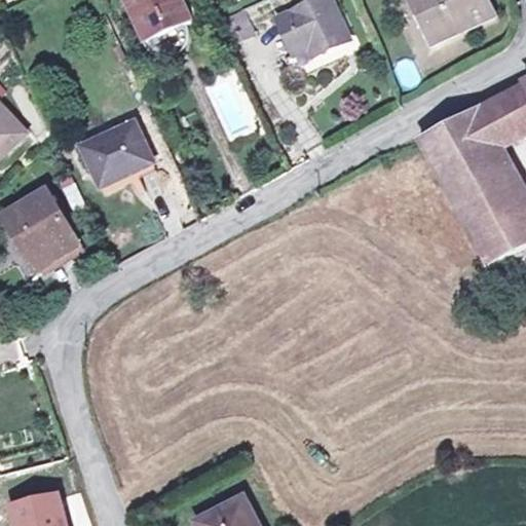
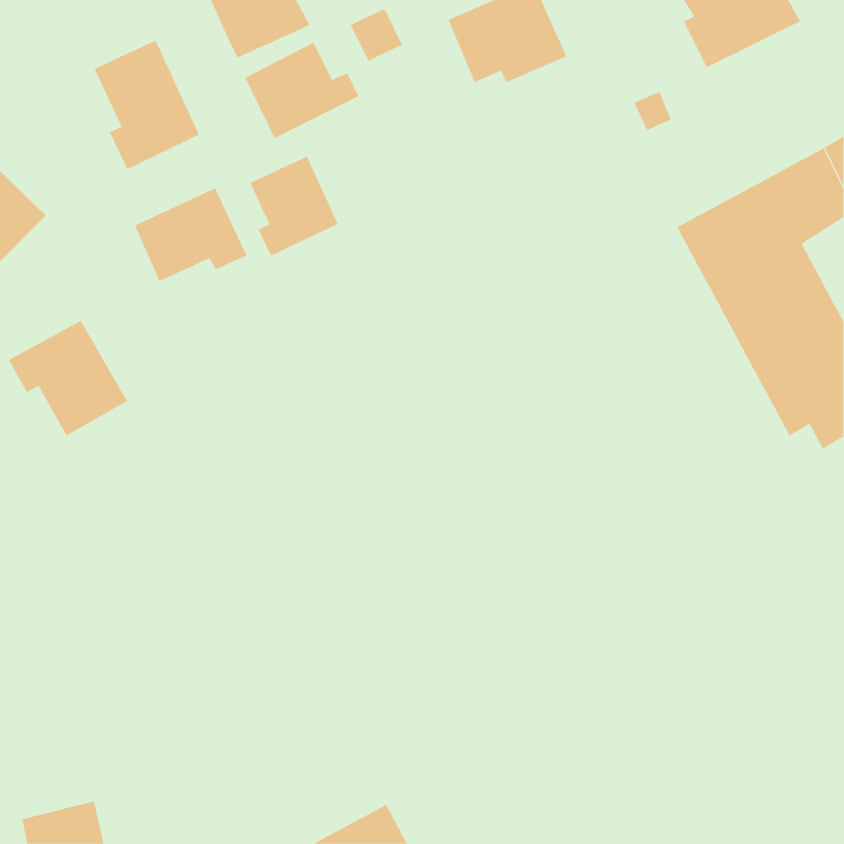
building: none -> [94,40,200,170]
building: none -> [244,42,359,139]
building: none -> [249,156,338,257]

